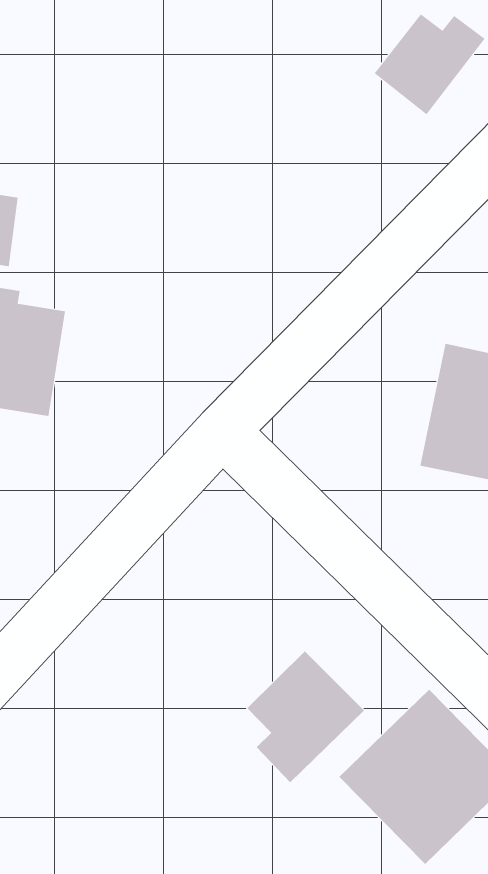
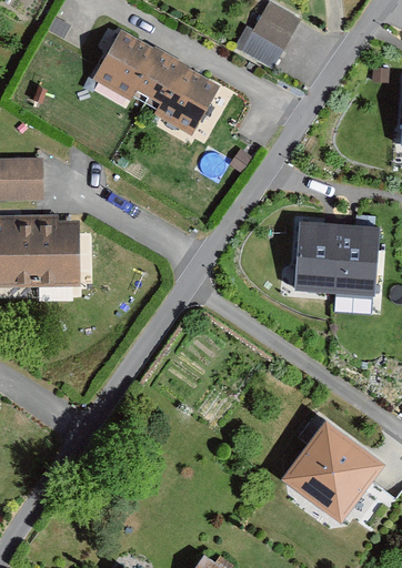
building: none -> [82,37,208,140]
building: [247,650,365,783] -> none

